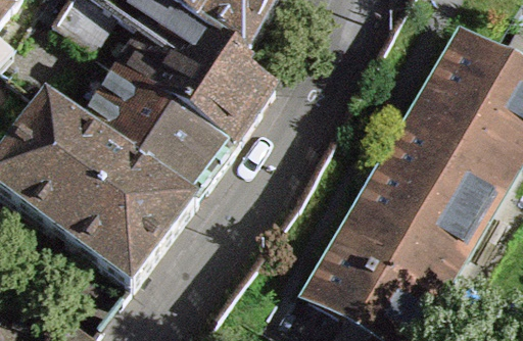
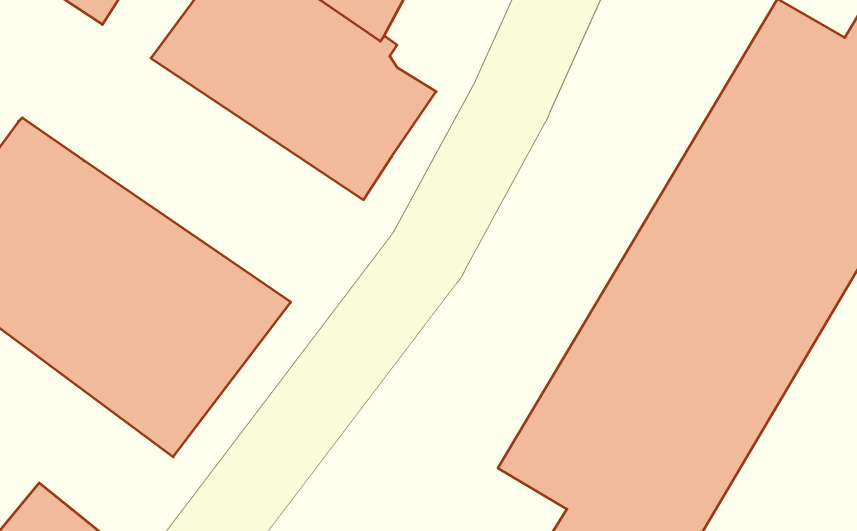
building: [82,62,235,196] -> none

